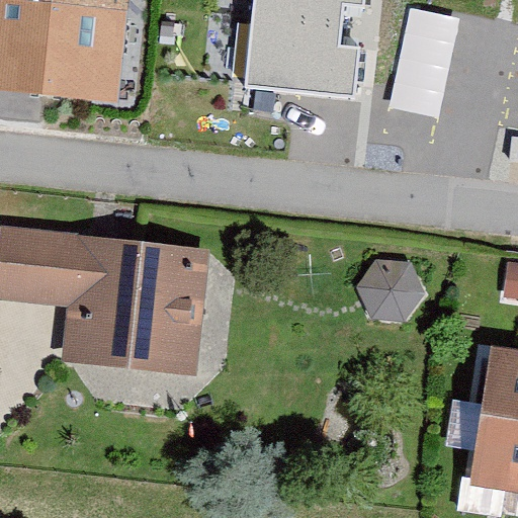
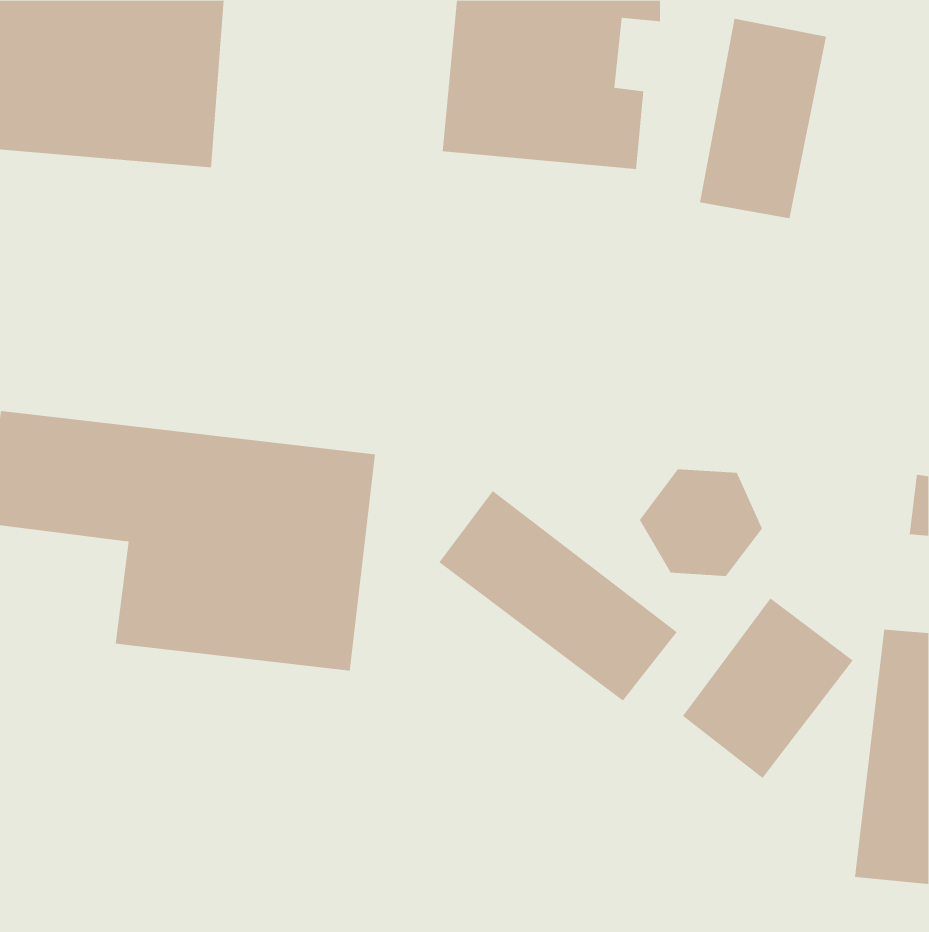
building: none -> [438,490,677,702]
building: none -> [682,597,853,779]

